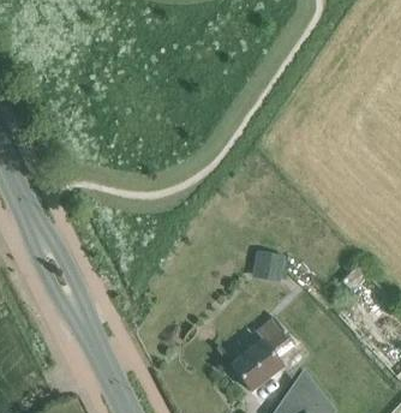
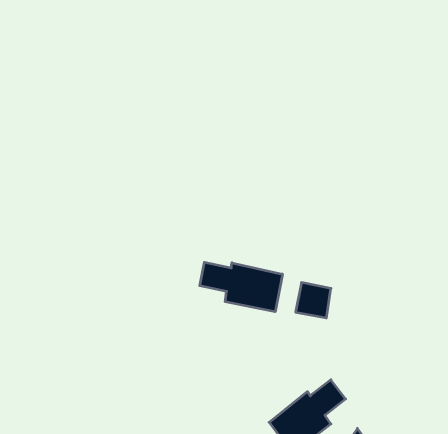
building: none -> [200,262,282,312]

